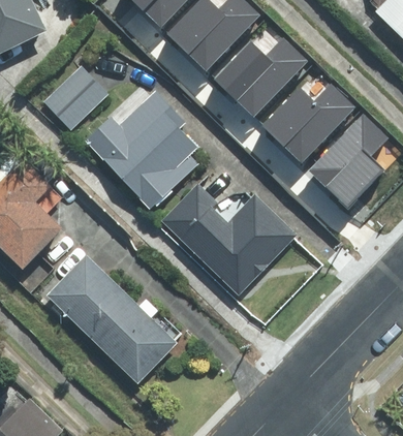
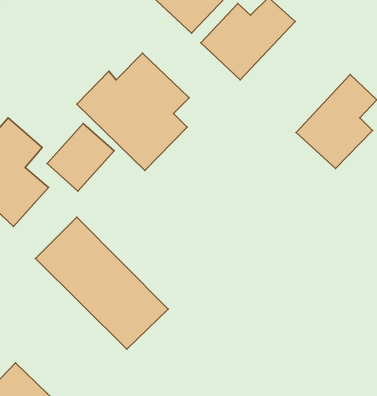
building: [43,63,109,129] -> [47,123,114,191]
building: [260,83,351,163] -> none
building: [168,191,297,291] -> none

